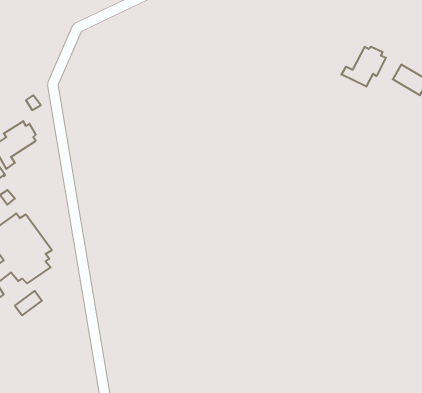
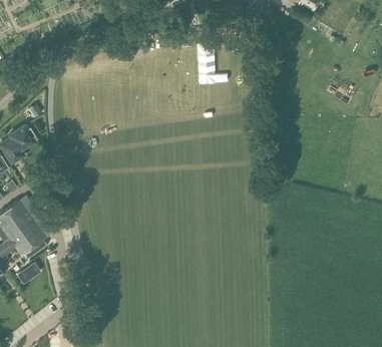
building: [341,47,386,87] -> none

